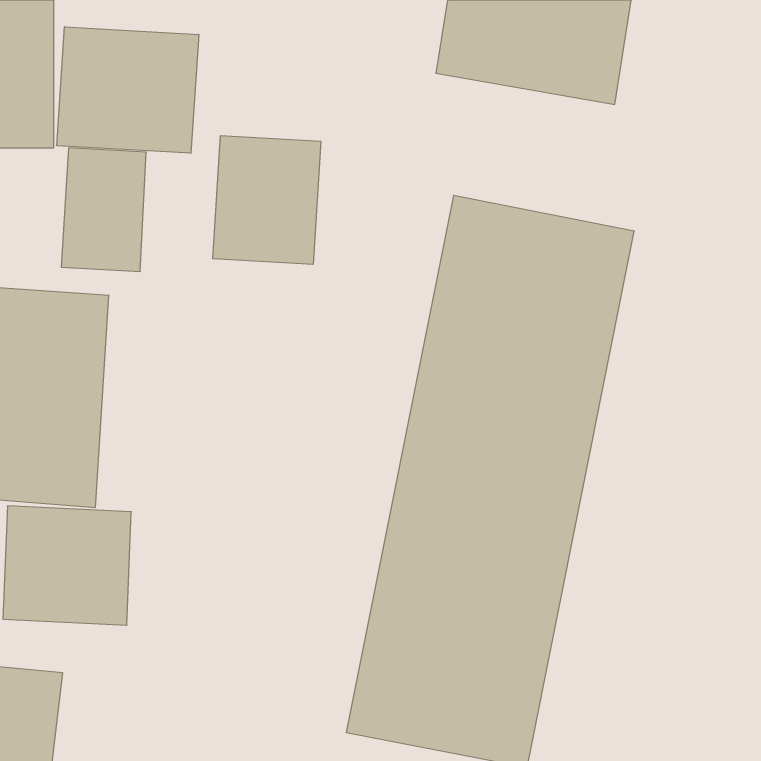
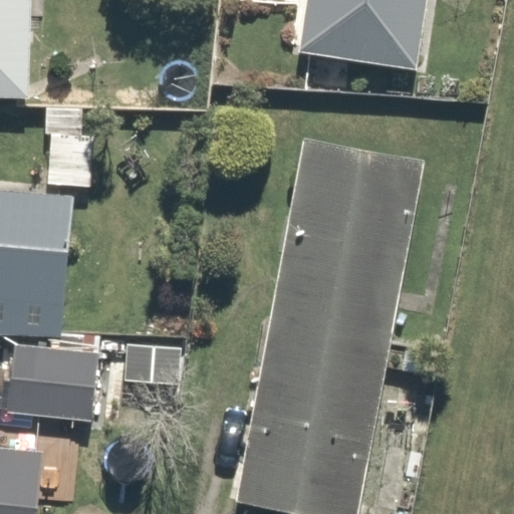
building: [57,27,199,153] -> none
building: [213,136,321,264] -> none

